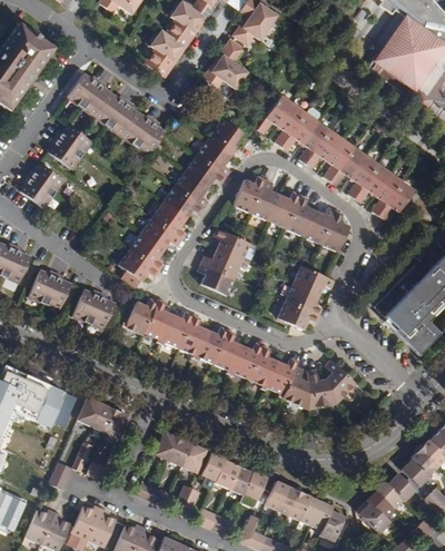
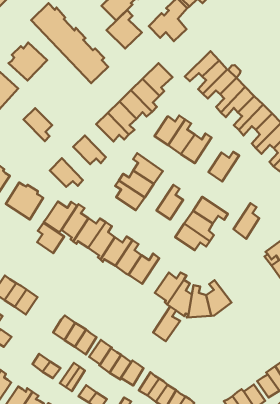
building: none -> [107,10,142,49]
building: [285,194,314,235] -> [157,185,183,220]
building: [151,201,186,238] -> none
building: [320,209,348,252] -> [233,203,259,239]
building: [129,233,164,269] -> [24,108,52,141]
building: none -> [37,223,64,253]
building: [248,345,277,386] -> [153,307,180,341]

